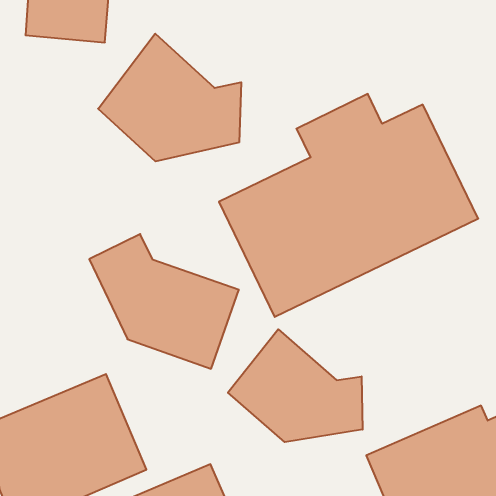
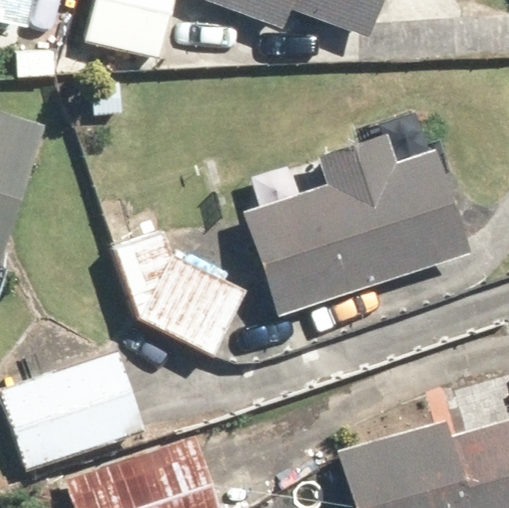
building: [98,34,241,161] -> none
building: [228,329,363,442] -> none

